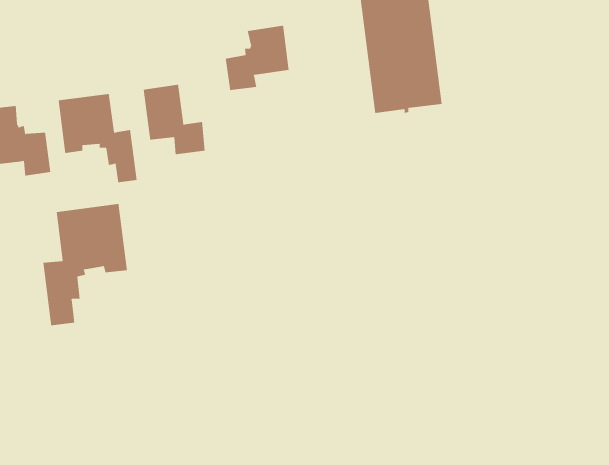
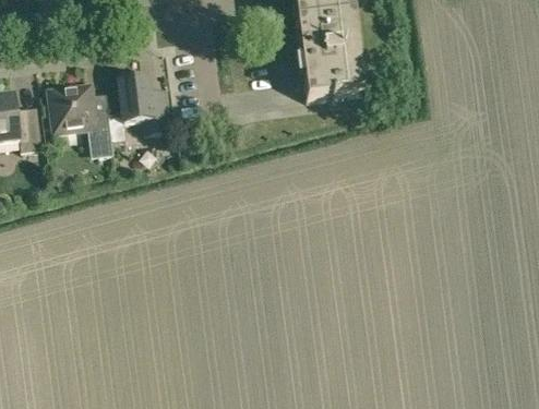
building: [225,25,289,91] -> none
building: [43,203,128,326] -> none

